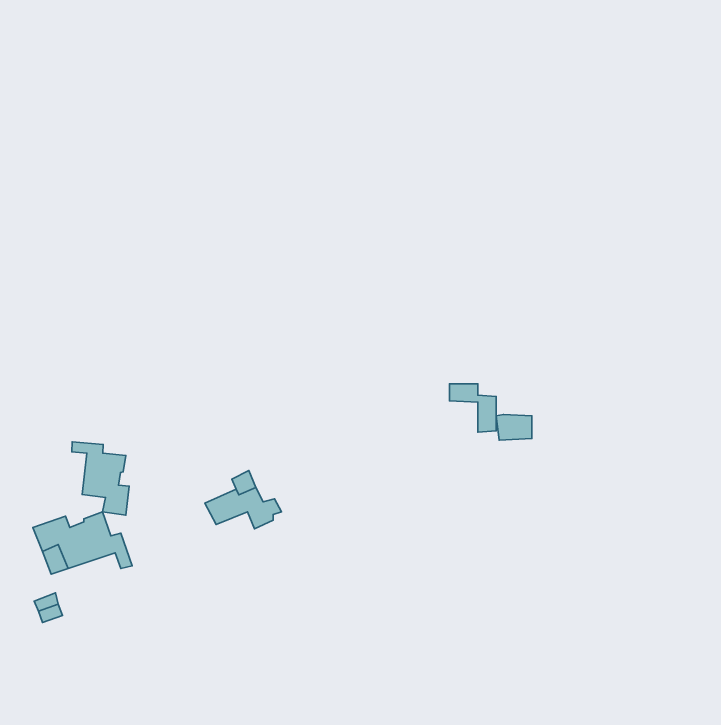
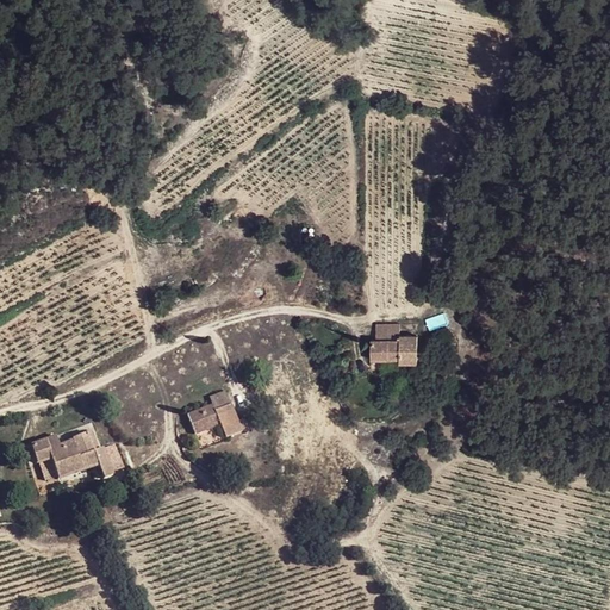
building: [496,414,532,440] -> [375,336,405,357]
building: [72,442,129,515] -> none

